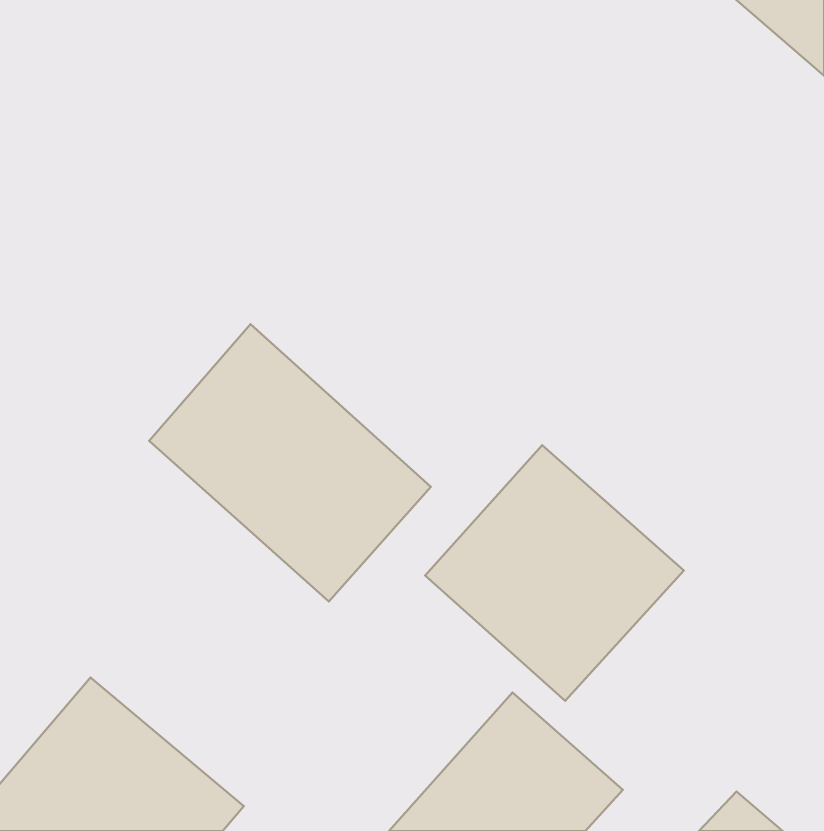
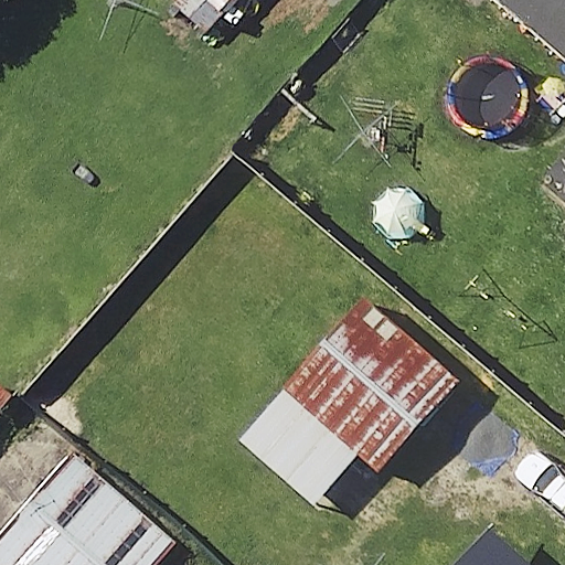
building: [149,324,431,601] -> none

